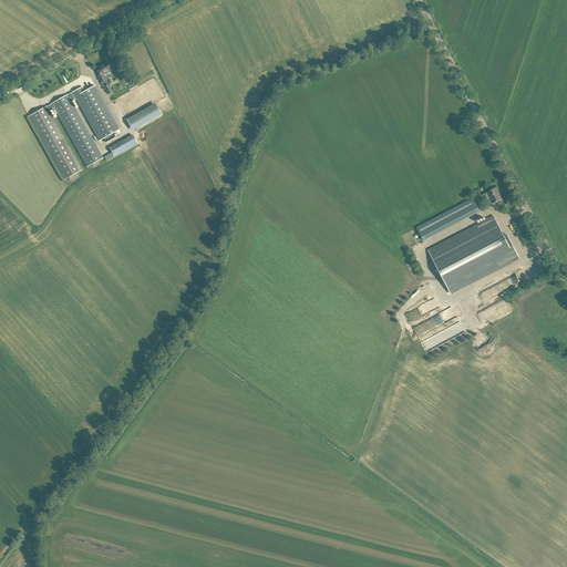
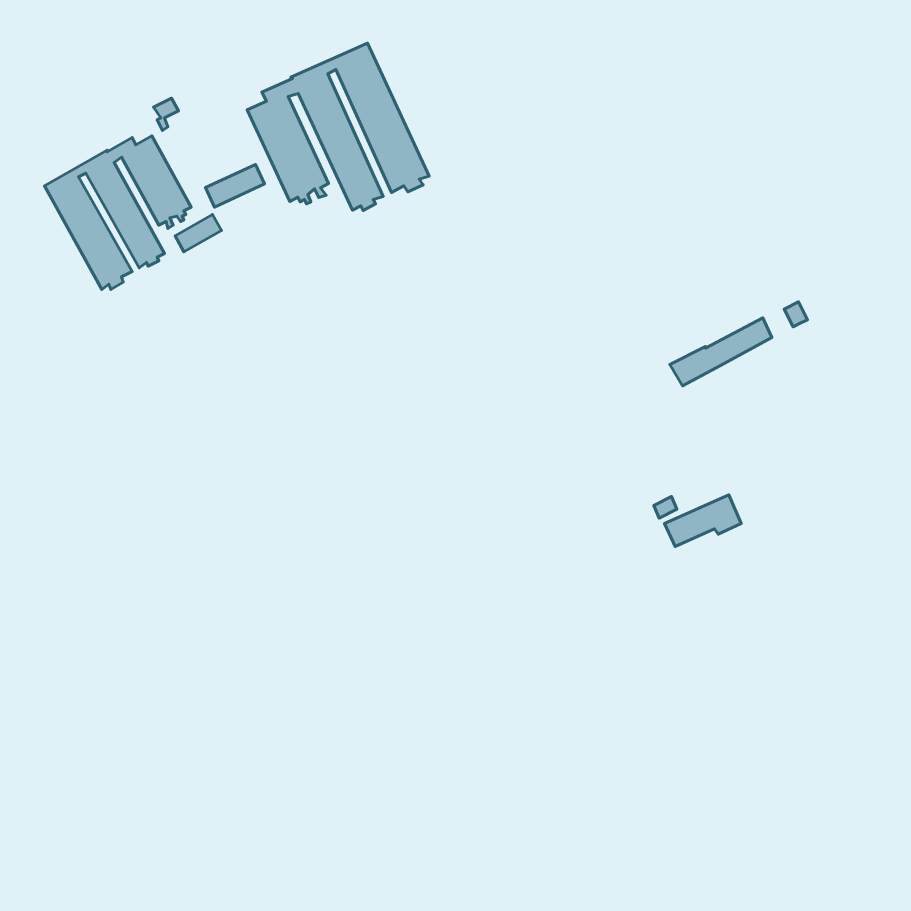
building: none -> [247,43,429,210]
building: [427,215,518,292] -> none

